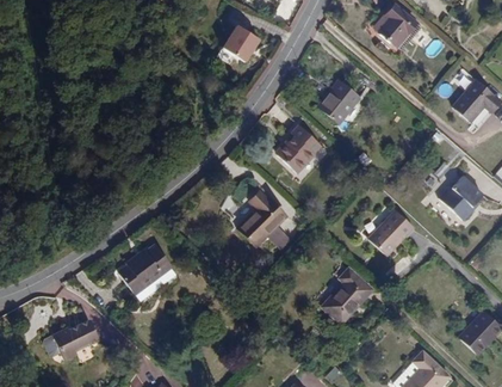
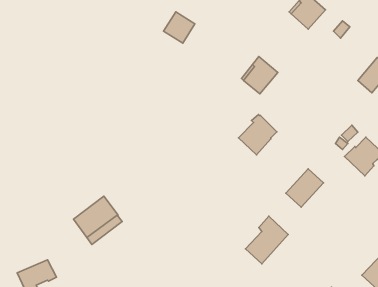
building: [275,125,321,173] -> [238,114,277,155]
building: [237,189,287,246] -> none

